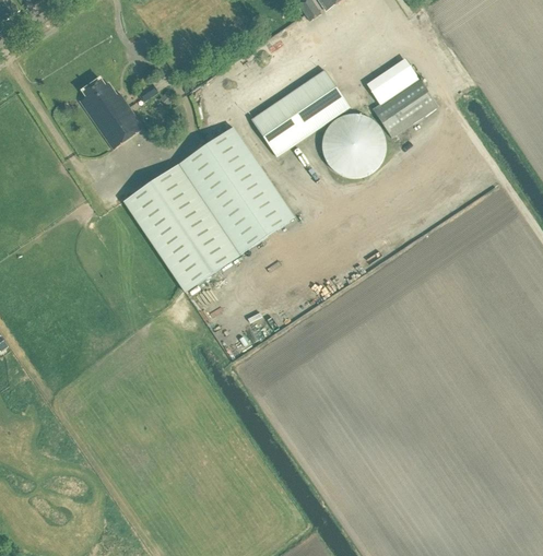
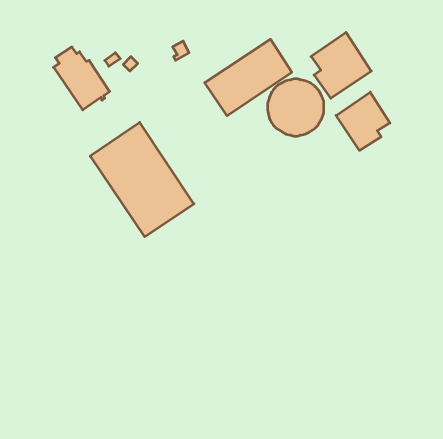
building: [178,126,294,253] -> none
building: none -> [336,92,390,150]

